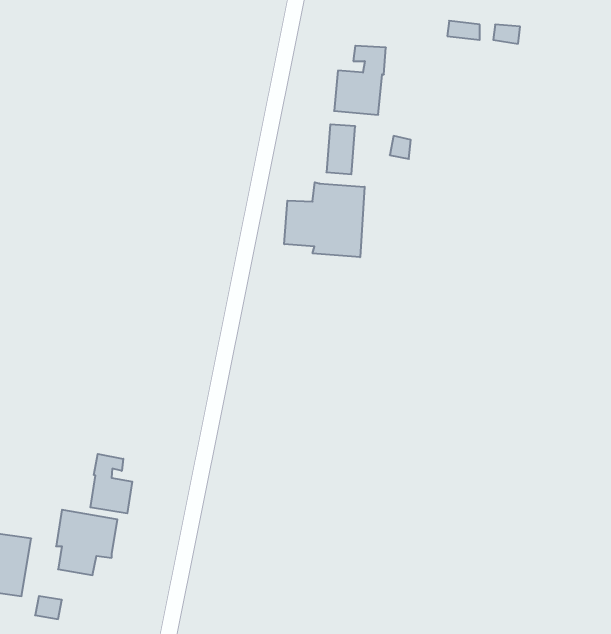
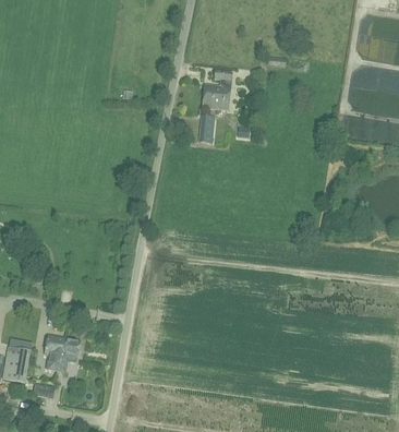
building: [284,182,365,257] -> none
building: [90,454,132,513] -> none

